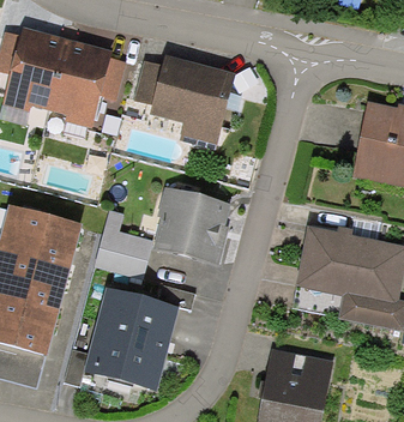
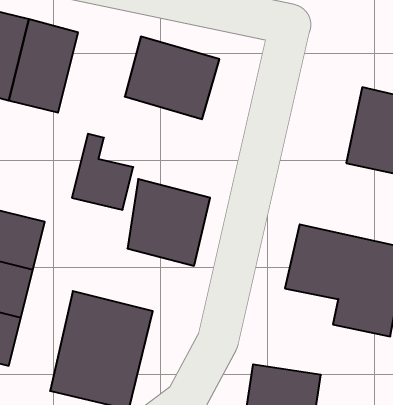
building: [95,212,150,281] -> [72,134,133,210]

